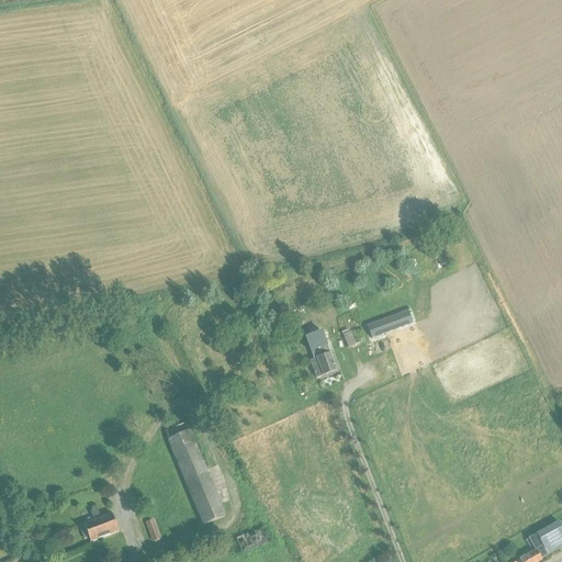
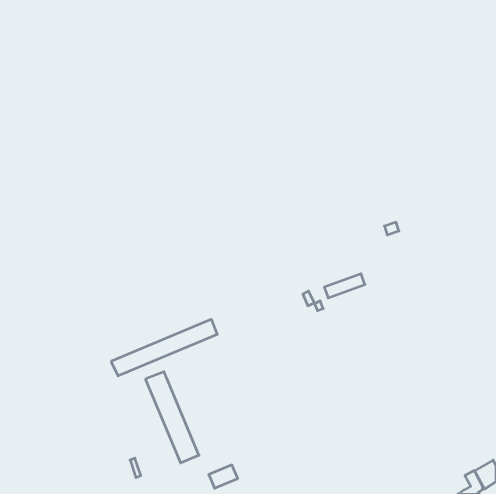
building: [305,329,336,376] -> none
building: none -> [112,319,217,376]
building: [79,504,119,540] -> none

